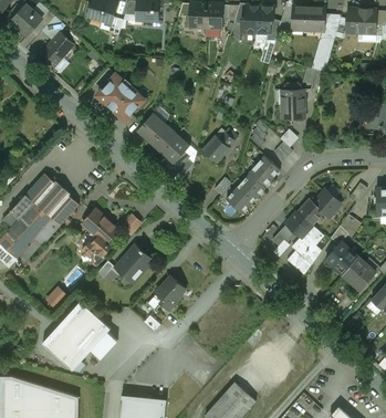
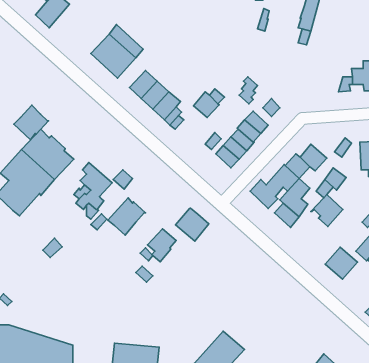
building: [280,90,304,119] -> none
building: none -> [14,105,49,140]
building: none -> [176,208,209,241]
building: [342,257,375,290] -> [325,247,357,279]
building: [42,301,109,370] -> none

